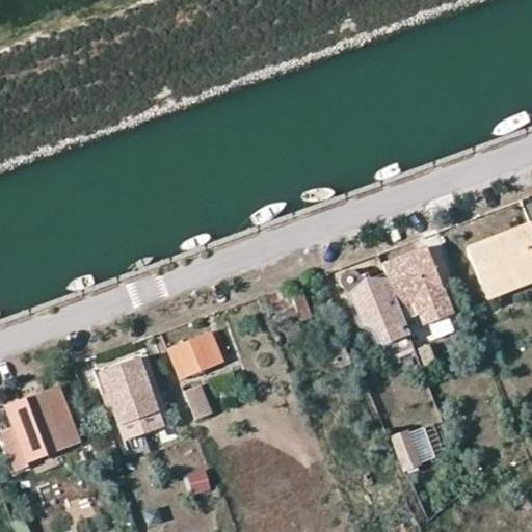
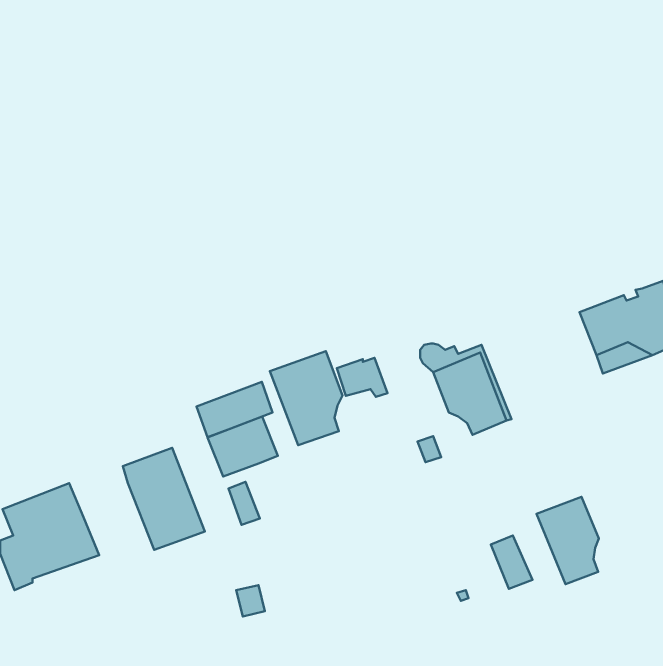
building: [387,248,457,326] -> none
building: none -> [270,351,343,445]
building: none -> [197,382,273,437]
building: none -> [536,497,599,584]

